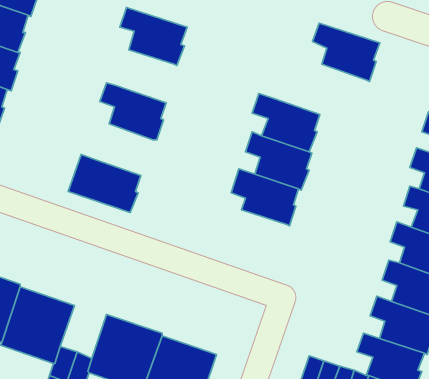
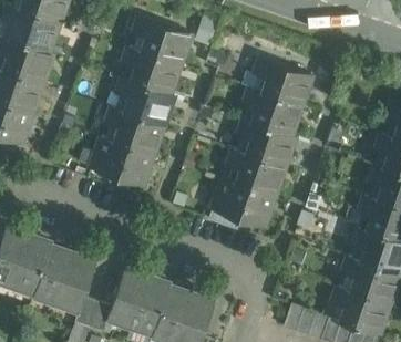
building: [312,23,380,81] -> [256,55,312,104]
building: none -> [123,44,179,93]
building: none -> [106,106,162,155]
building: none -> [213,178,274,226]

